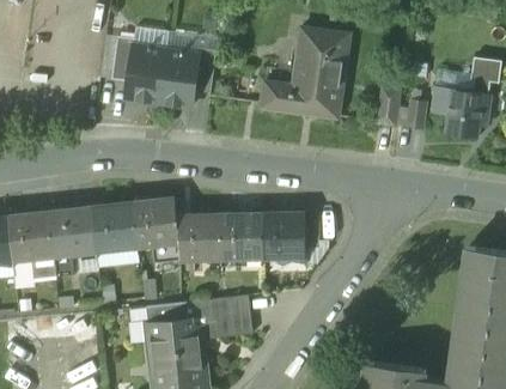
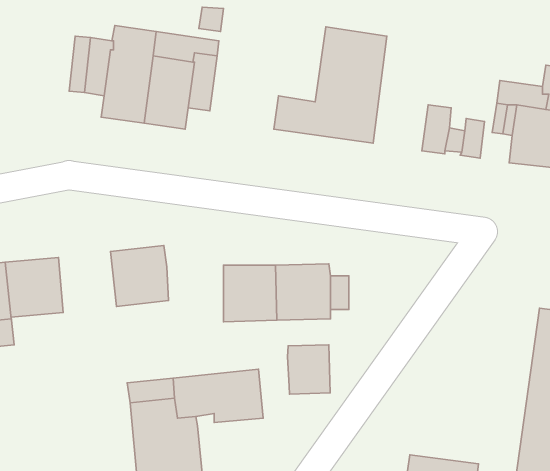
building: [92,202,138,250] -> none
building: [177,213,221,259] -> none
building: none -> [287,345,330,394]

